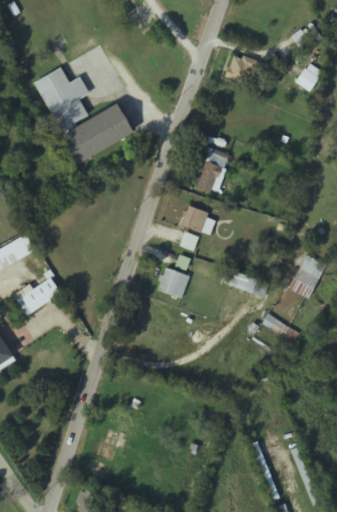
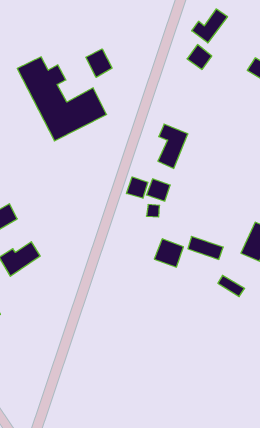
building: none -> [192,9,227,43]
building: none -> [86,49,112,77]
building: none -> [127,177,148,198]
building: [156,266,189,298] -> [154,239,183,267]

